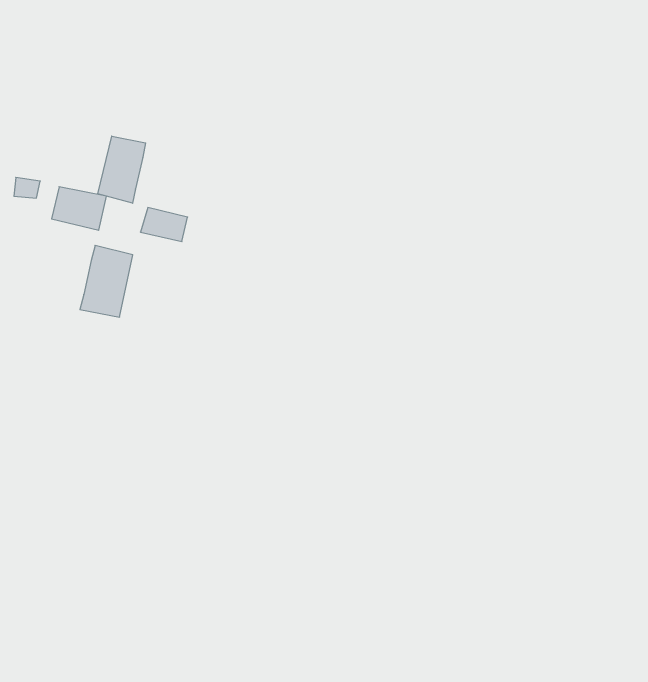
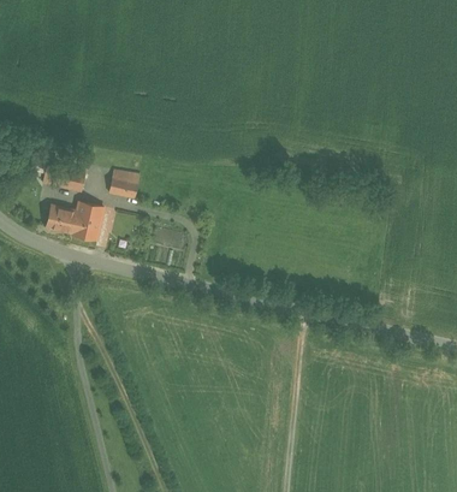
building: [98,136,146,203] -> none
building: none -> [46,203,76,231]

